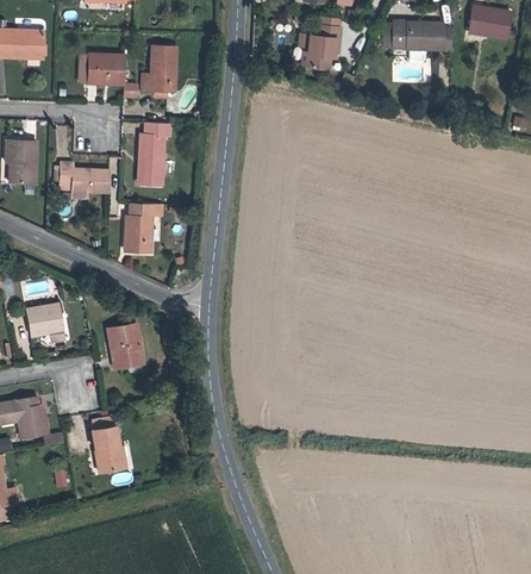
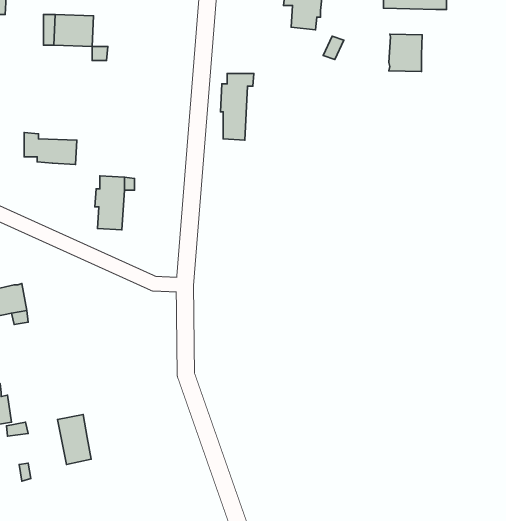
building: [142,45,176,98] -> none
building: none -> [389,34,422,72]
building: [139,123,170,185] -> [221,73,254,140]
building: [108,324,143,367] -> none

